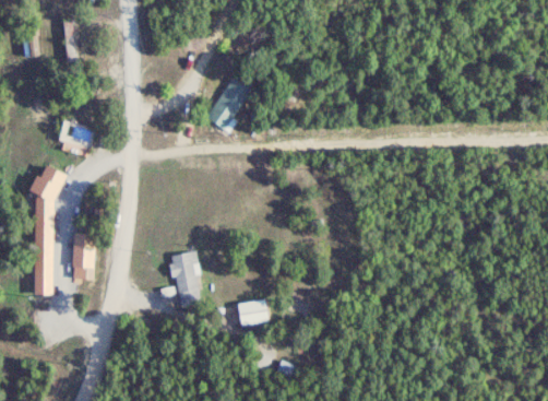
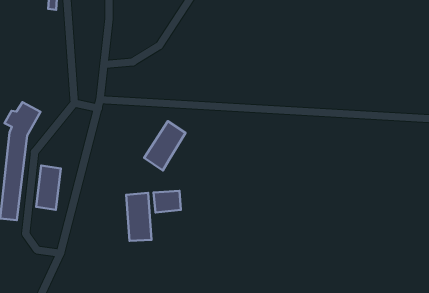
building: [209,76,251,131] -> [144,121,186,171]
building: [236,298,267,325] -> [154,191,181,213]

